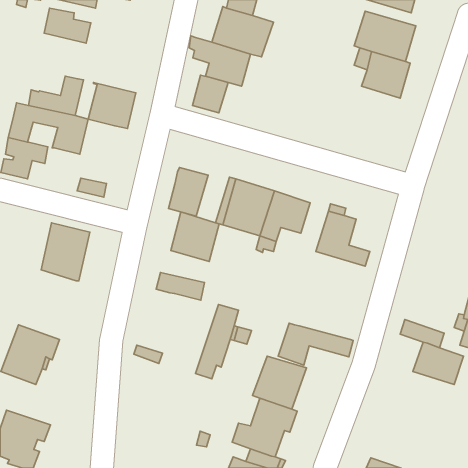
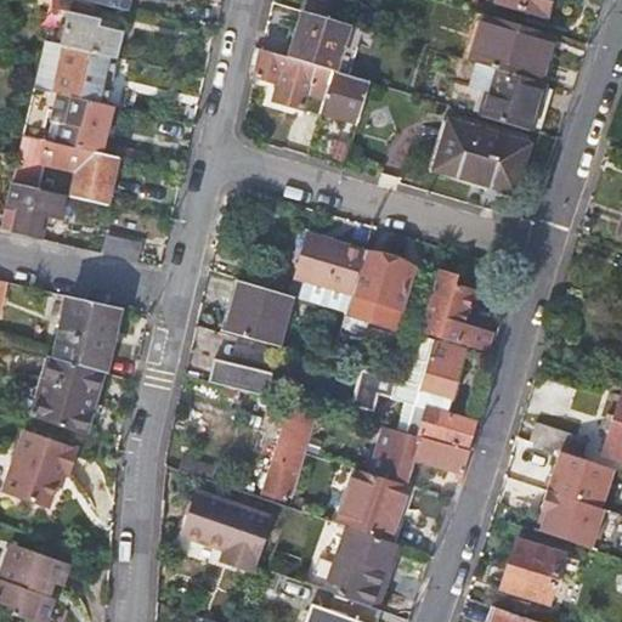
building: [192,75,228,113] -> [322,72,369,121]
building: [88,83,136,128] -> [52,44,115,104]
building: none -> [443,123,527,191]
building: [168,167,208,216] -> none
building: none -> [352,339,473,449]
building: none -> [34,357,102,435]
building: none -> [182,490,271,571]
building: none -> [541,492,605,549]
building: none -> [502,541,564,604]

